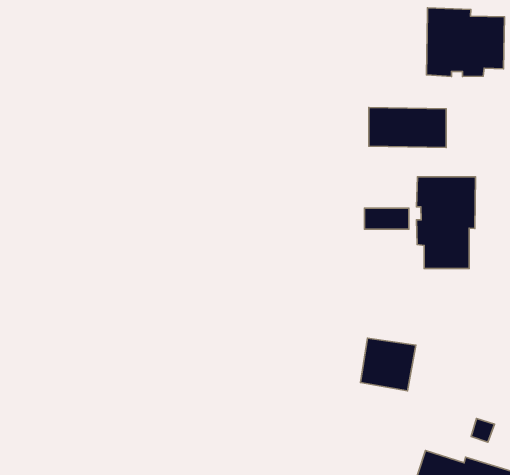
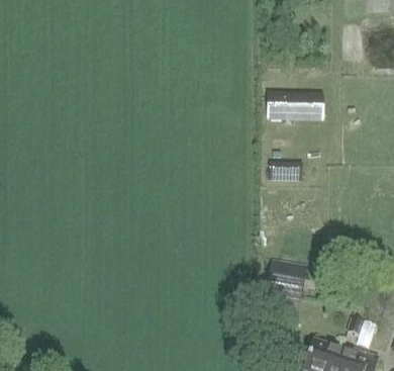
building: [426,8,504,77] -> none
building: [417,177,476,268] -> none

